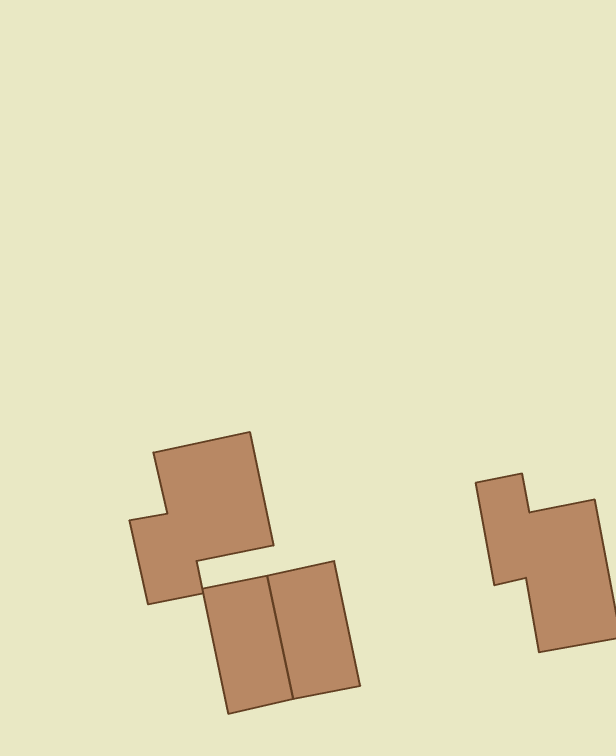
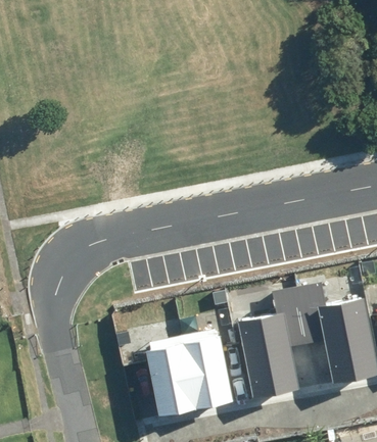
building: [130,432,273,604] -> none
building: none -> [237,290,305,397]

